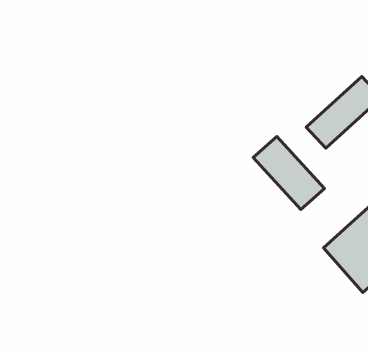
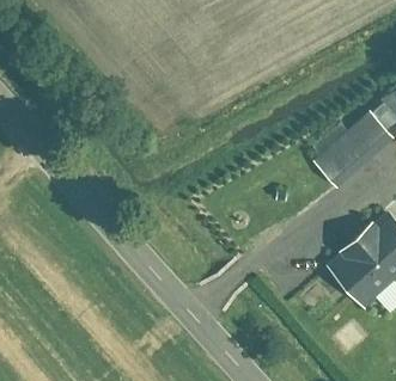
building: [253,137,324,210] -> none

